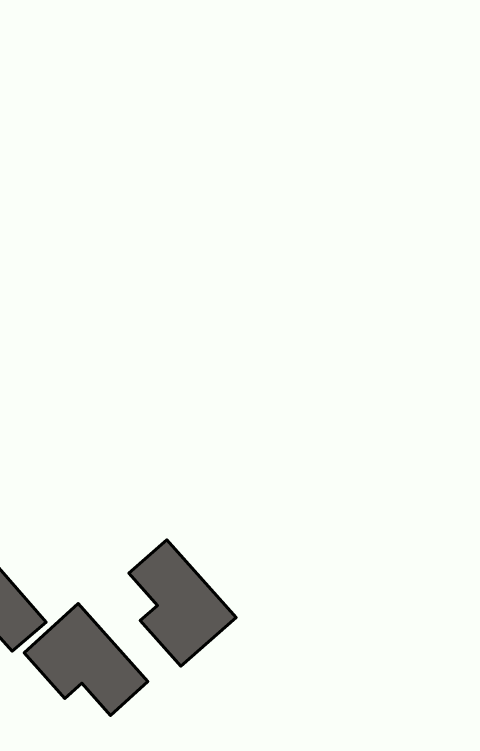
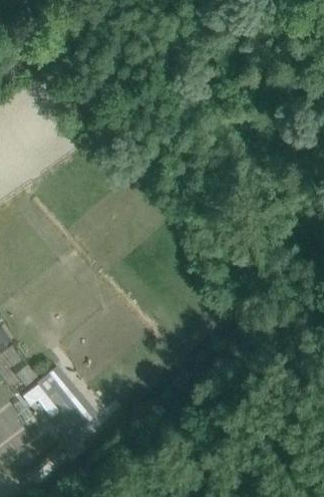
building: [129,540,236,666] -> none

